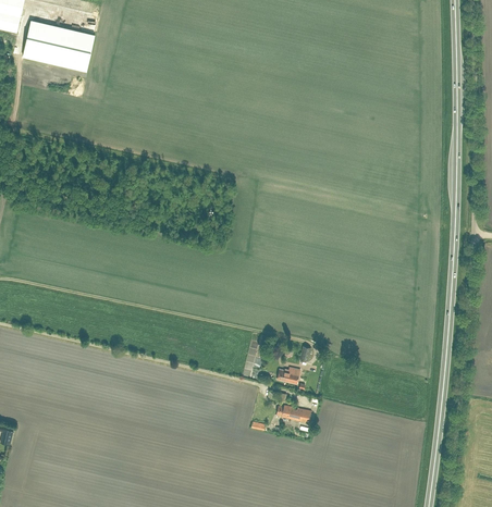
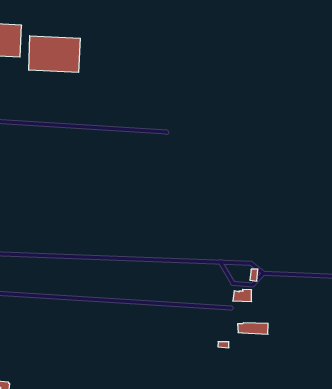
building: none -> [29,36,80,72]

